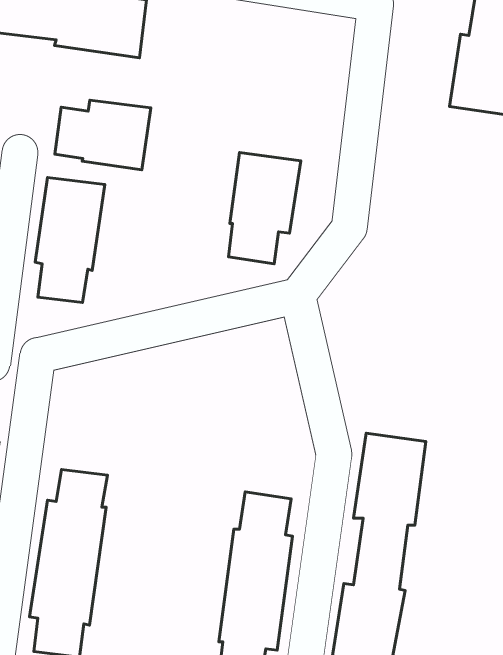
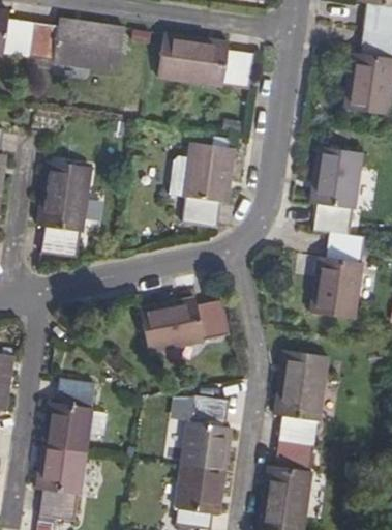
building: none -> [160,37,254,89]
building: [55,100,151,170] -> none
building: none -> [311,148,365,317]
building: none -> [142,297,229,351]

